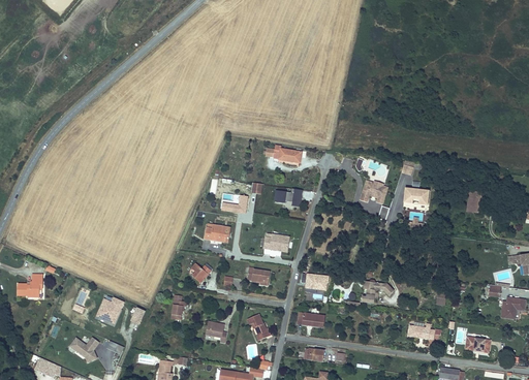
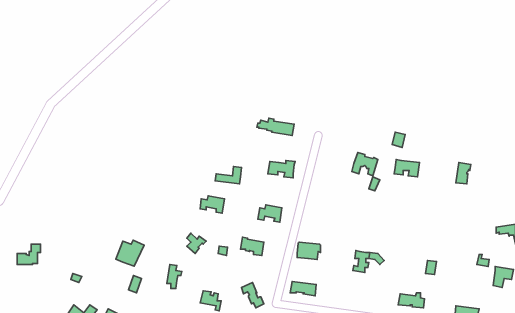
building: [96,296,125,323] -> [116,240,144,266]

